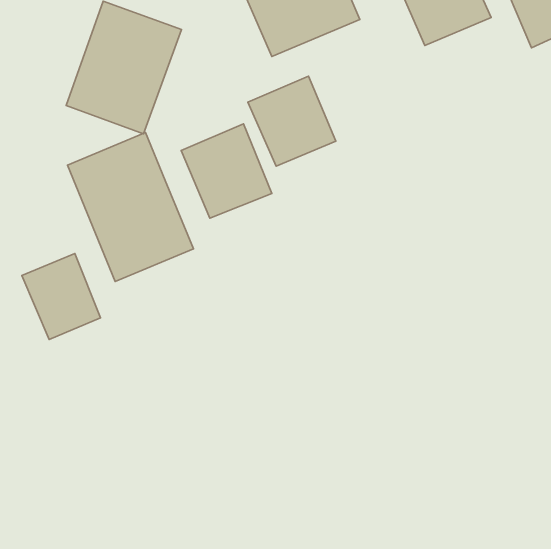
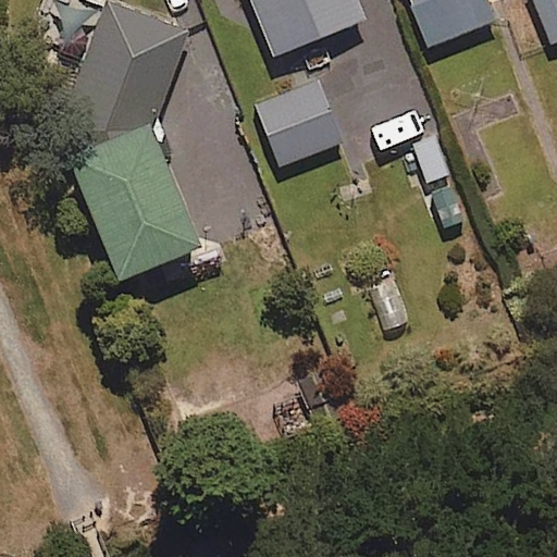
building: [181,124,272,218] -> none
building: [22,254,101,340] -> none

